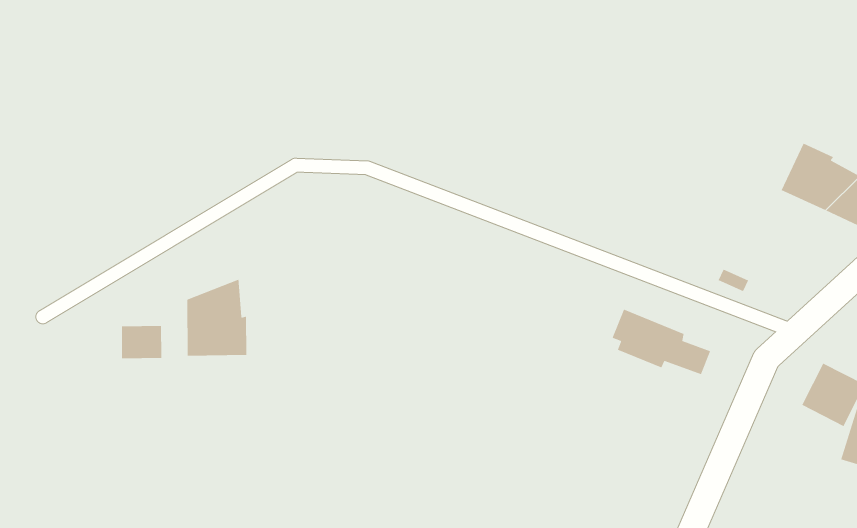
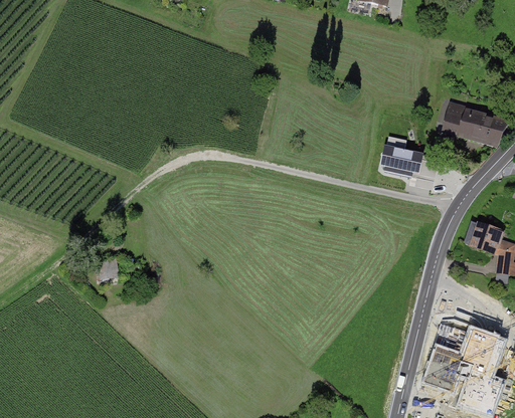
building: [187,279,247,356] -> none
building: [611,309,711,375] -> [380,146,436,175]

